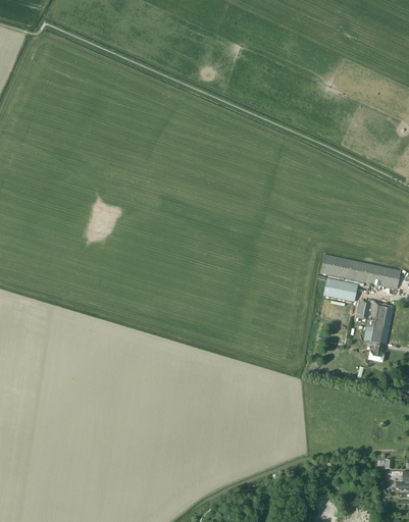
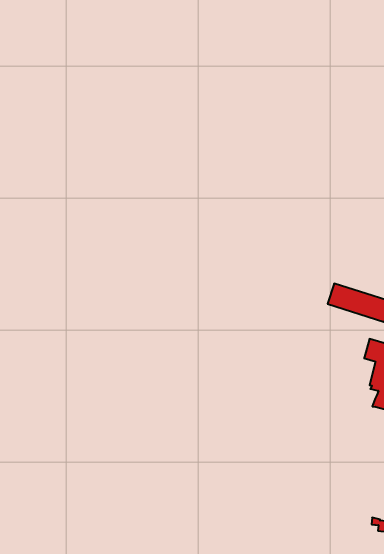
building: [323,278,358,302] -> none

